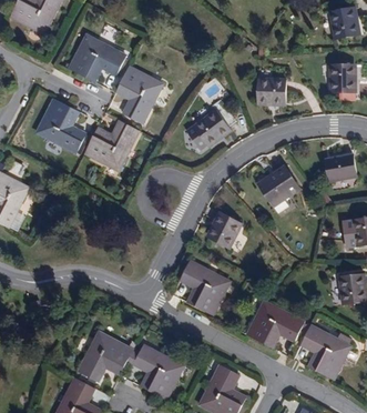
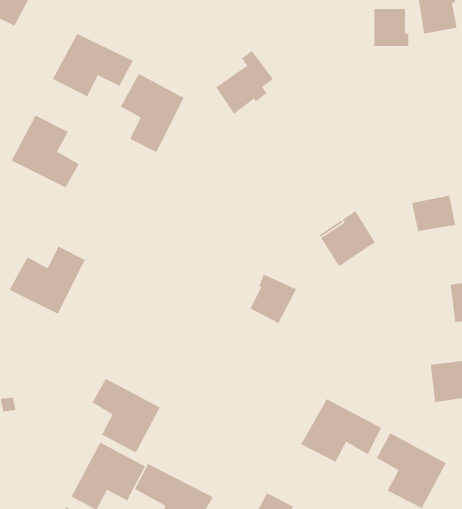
building: [330,63,356,91] -> [374,8,409,47]
building: [257,77,286,103] -> none
building: [194,98,236,144] -> [215,50,274,115]
building: [83,120,139,170] -> [9,245,86,315]
building: [181,261,231,315] -> [91,378,161,453]

